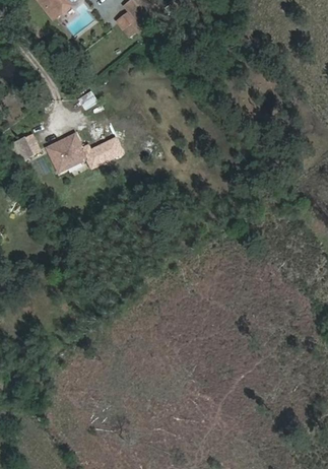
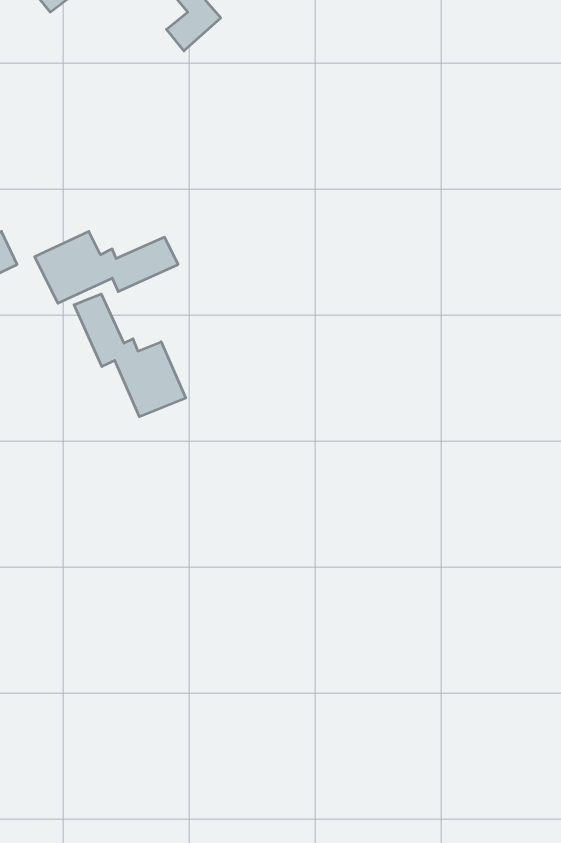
building: none -> [74,294,186,417]

